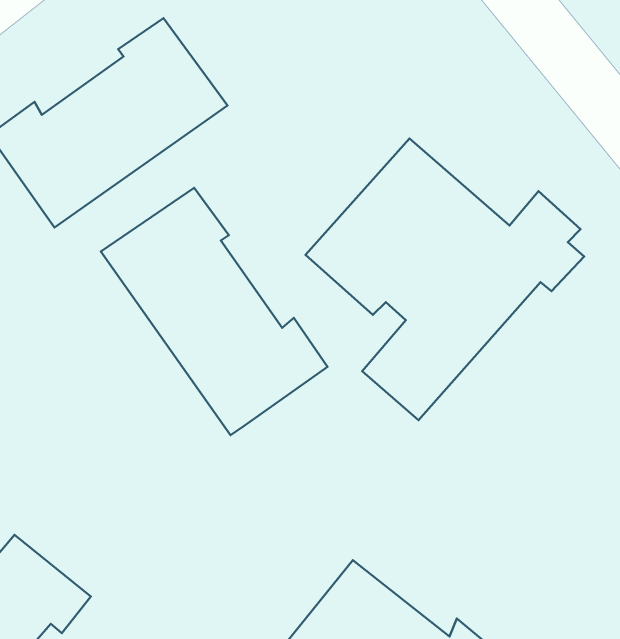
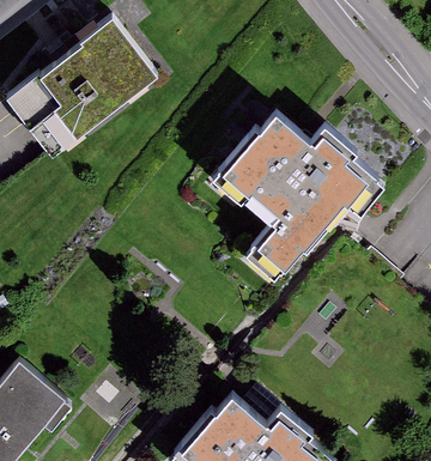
building: [101,188,328,435] -> none

